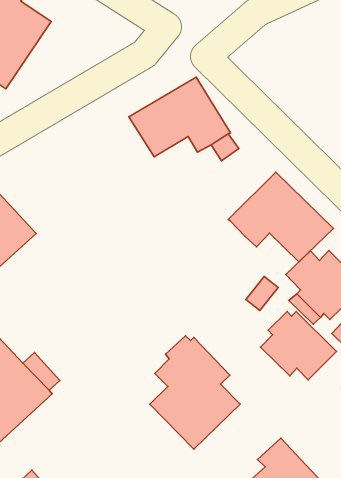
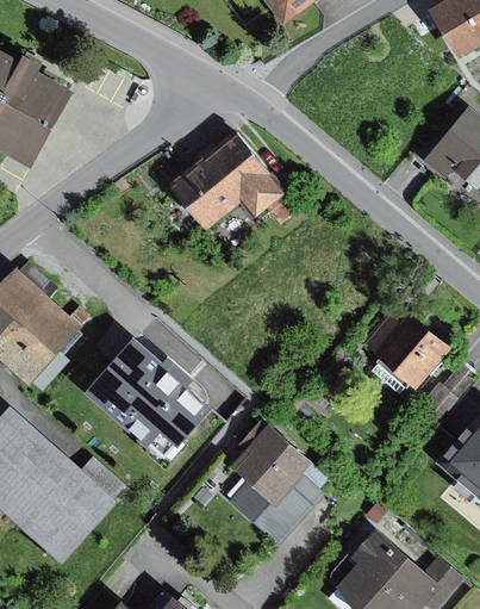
building: [228,172,334,262] -> none
building: none -> [88,337,213,445]
building: [261,311,337,380] -> none

